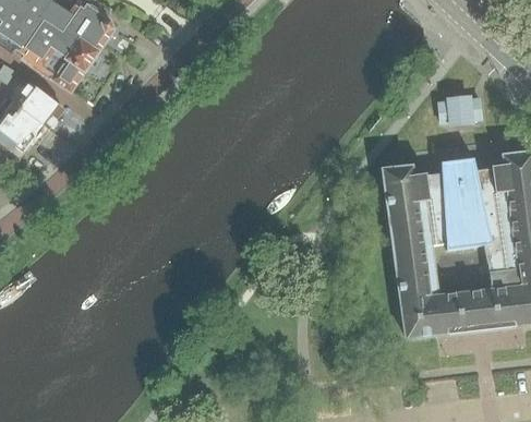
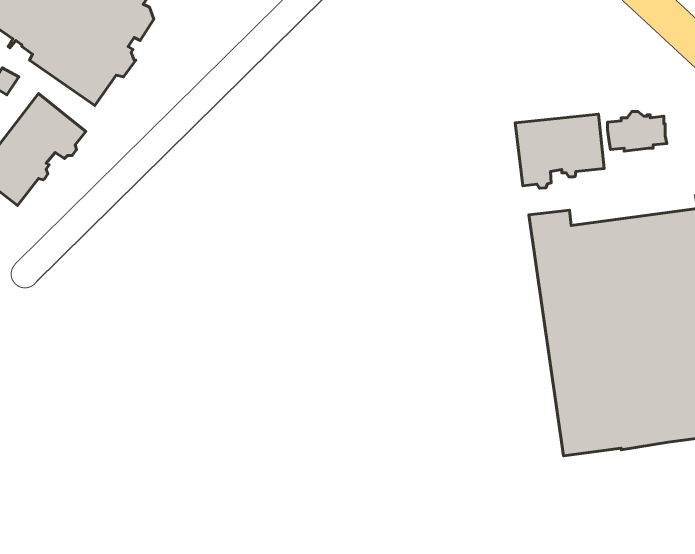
building: none -> [515,114,604,188]

